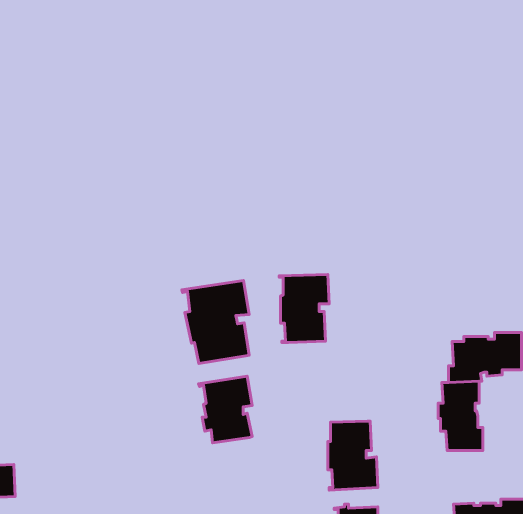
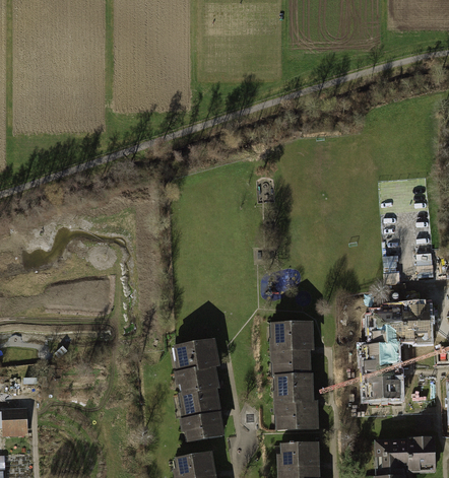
building: [279,274,329,342] -> [271,323,311,377]
building: [182,281,249,364] -> none
building: none -> [179,389,221,440]

